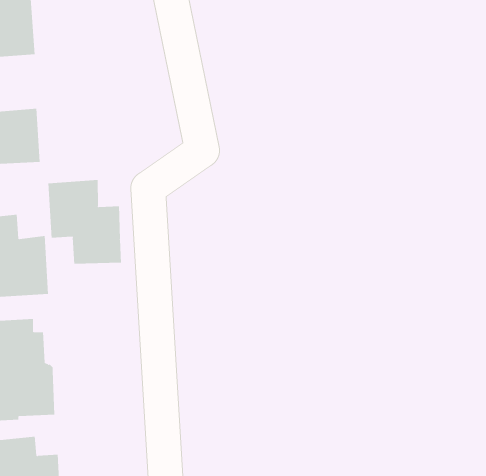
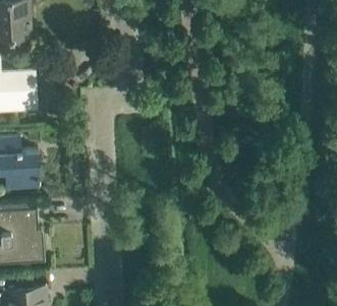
building: [48,179,122,264] -> none

